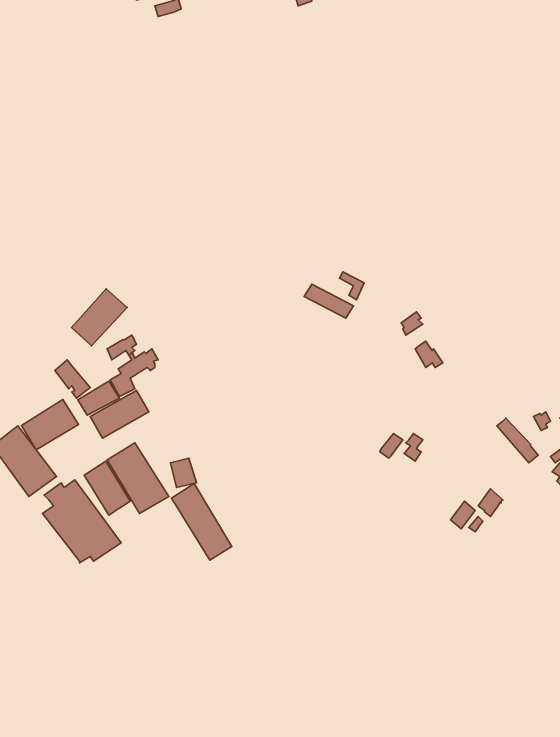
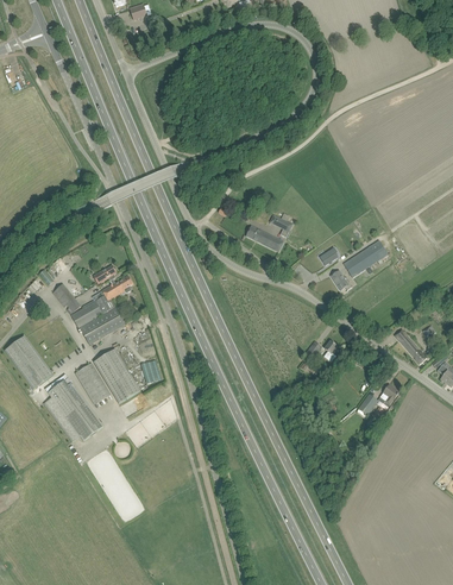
building: [72,289,127,346] -> none
building: none -> [344,238,389,276]
building: [22,399,78,450] -> none
building: [171,483,232,560] -> none

